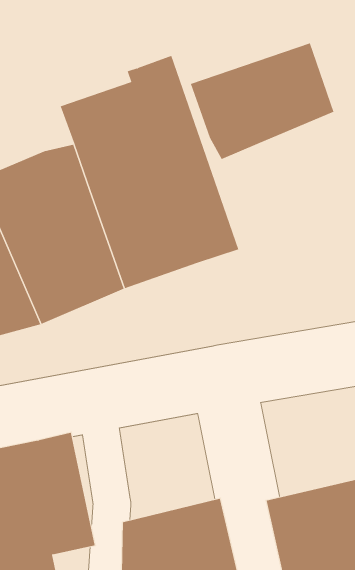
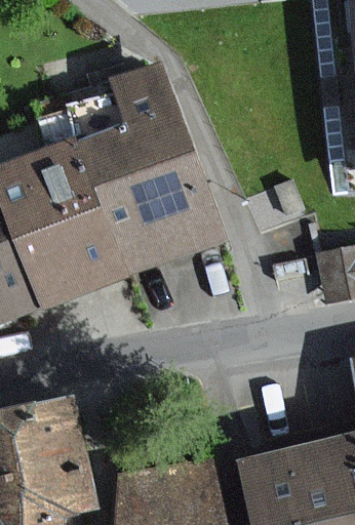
building: [190,43,334,160] -> none

